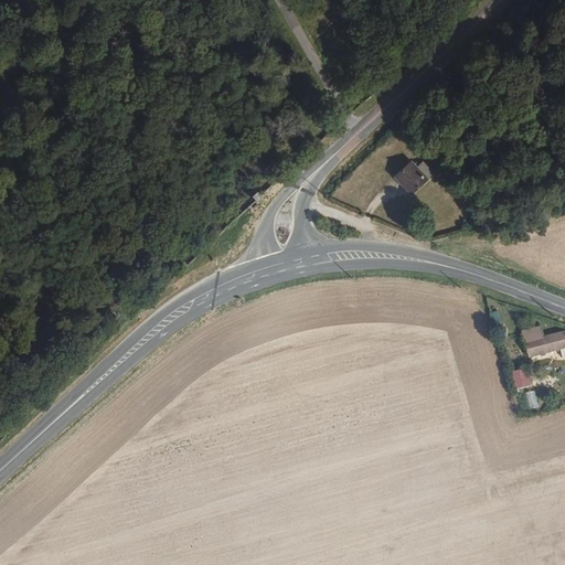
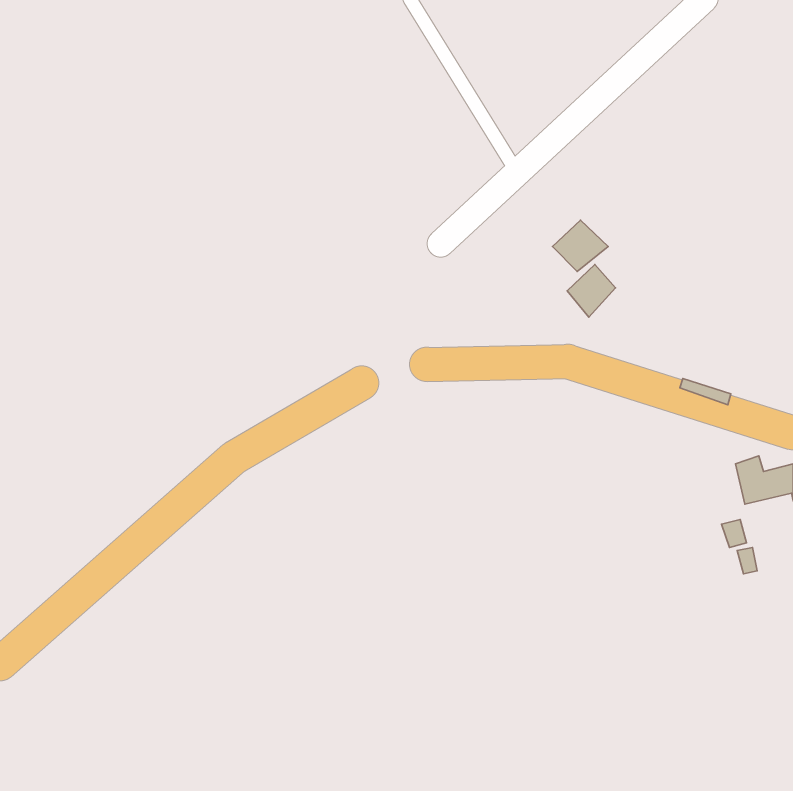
building: none -> [567,265,616,317]

